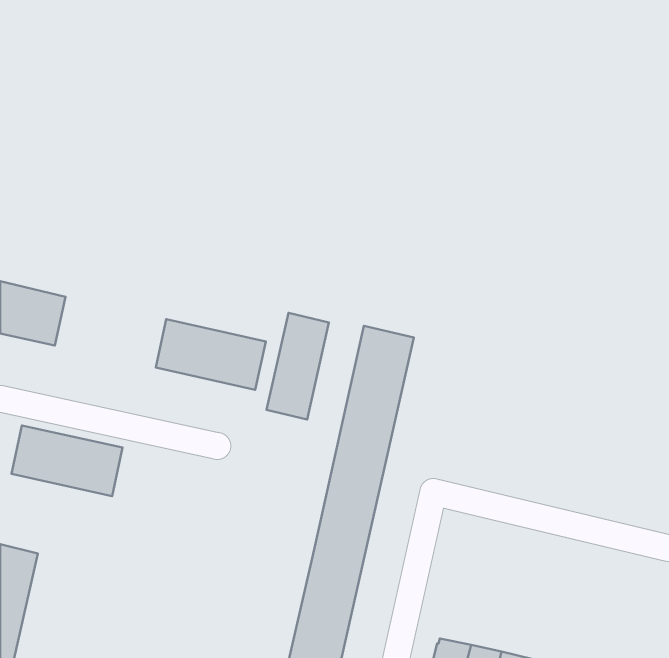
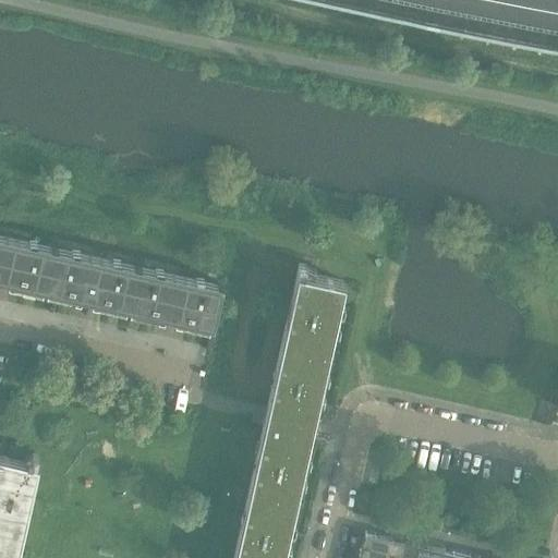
building: [267,313,329,419] -> none
building: [11,425,123,496] -> [46,256,138,315]

